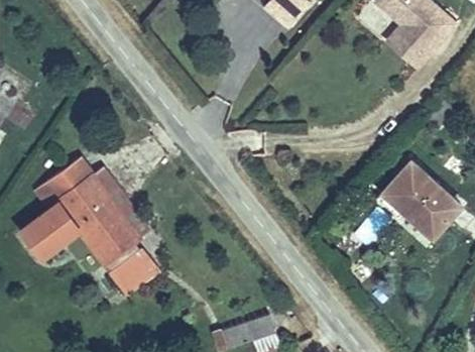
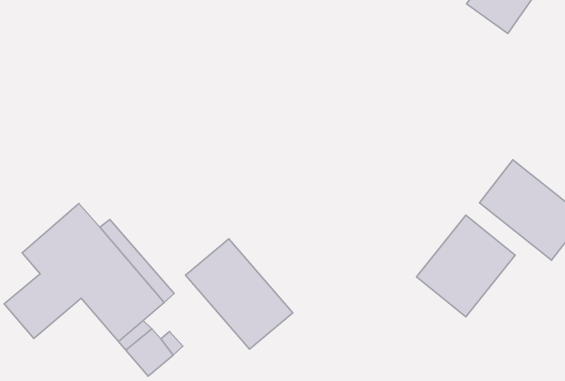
building: none -> [417,215,515,317]
building: none -> [186,239,293,349]

